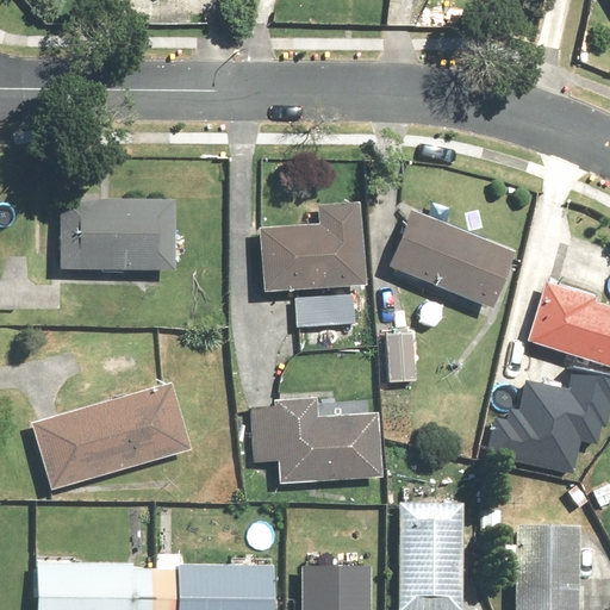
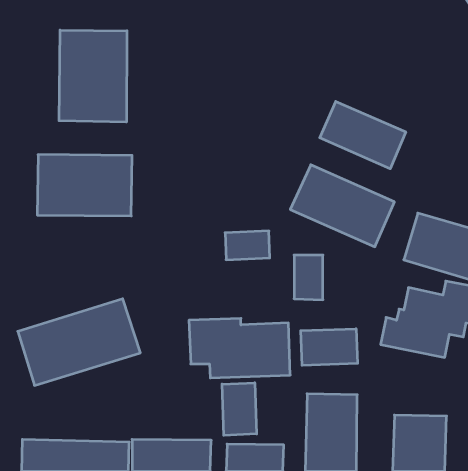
building: none -> [59,30,127,122]
building: none -> [320,101,406,169]
building: [255,207,367,297] -> none
building: none -> [301,329,358,365]
building: none -> [222,383,257,435]

